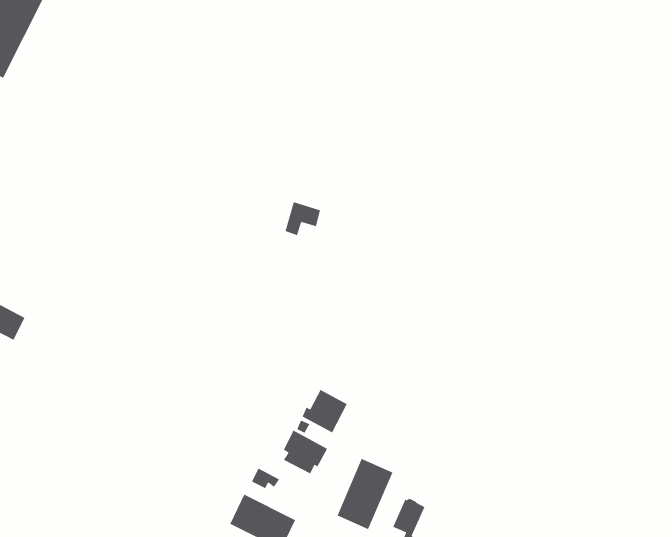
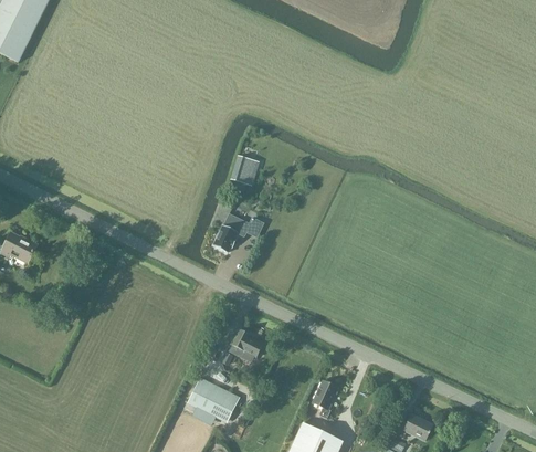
building: none -> [213,213,263,252]
building: [302,389,348,434] -> none
building: [336,458,393,530] -> none

